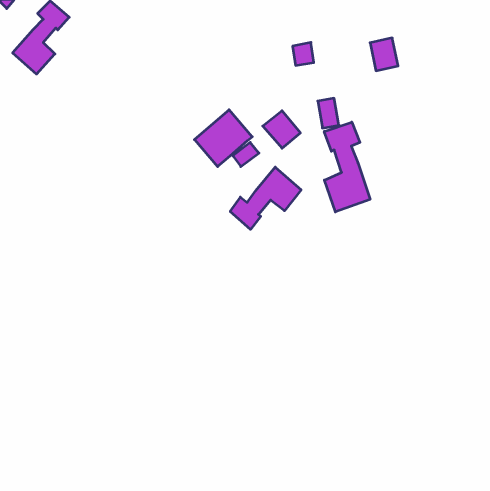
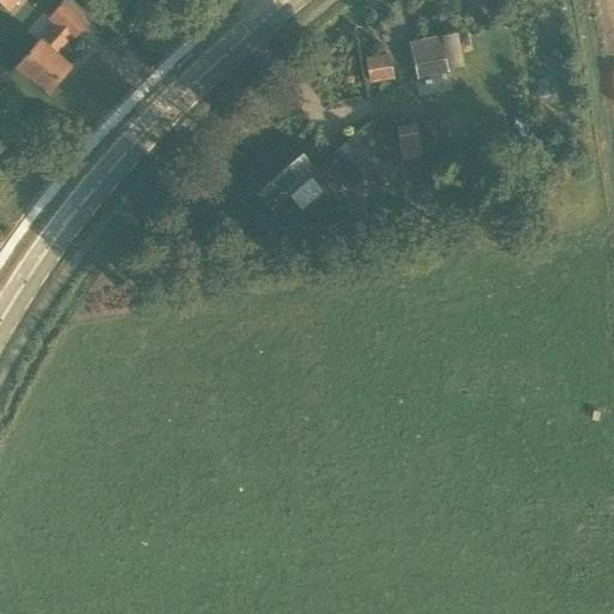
building: [370,38,398,71] -> [414,36,449,77]
building: [324,122,370,212] -> none
building: [230,167,301,229] -> none

